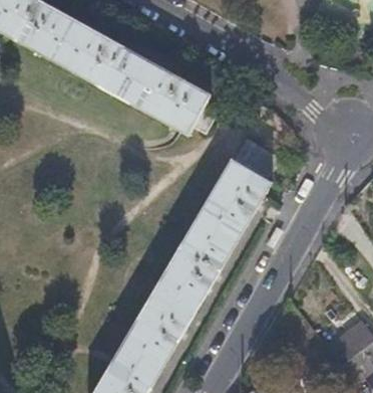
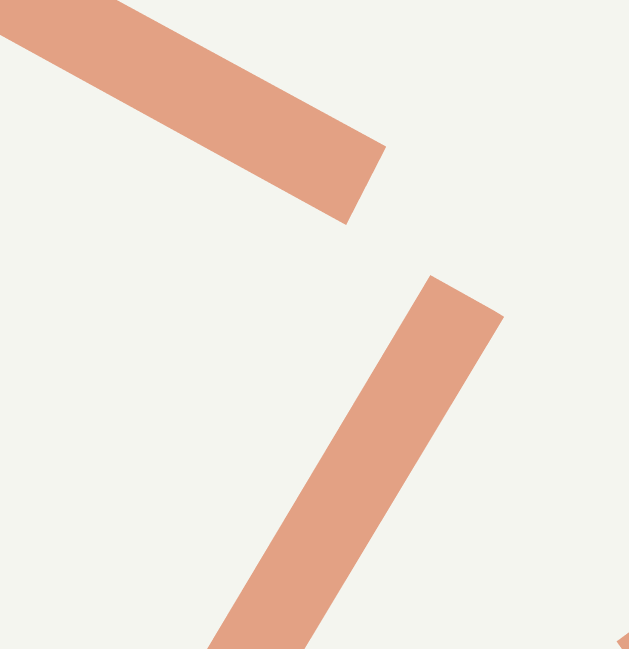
building: [232,140,279,180] -> none

